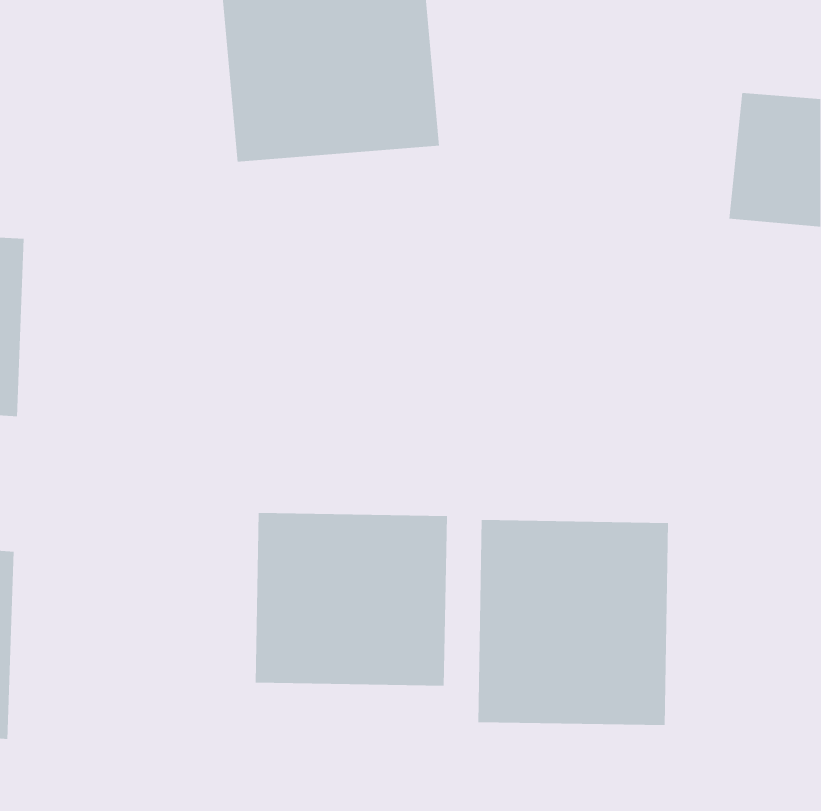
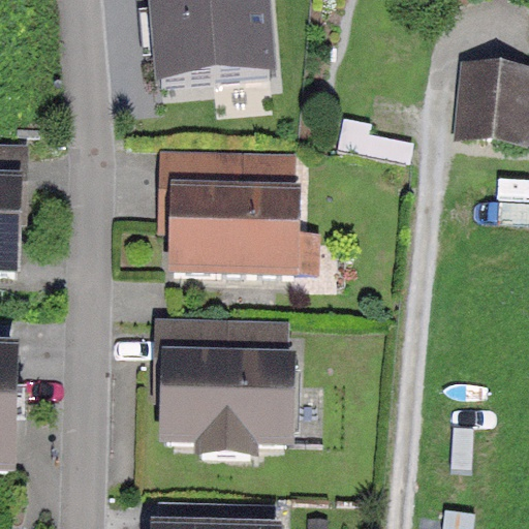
building: none -> [173,156,295,268]
building: [478,519,668,726] -> none

